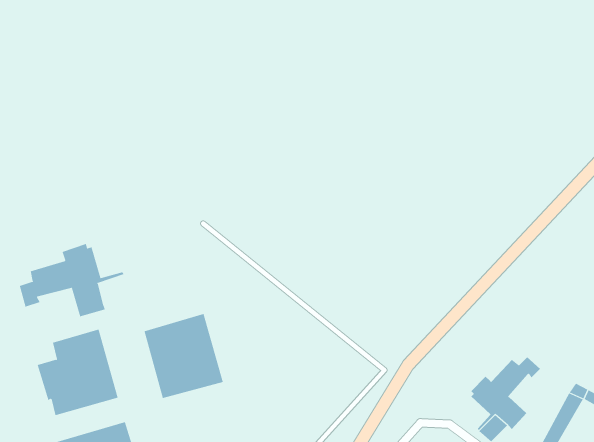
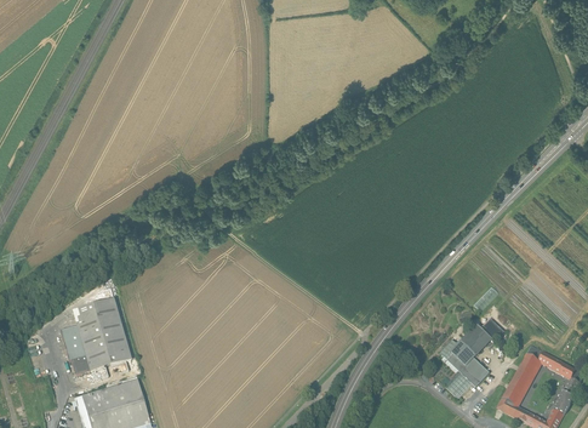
building: [19,243,125,317] -> none
building: [144,313,224,399] -> none

